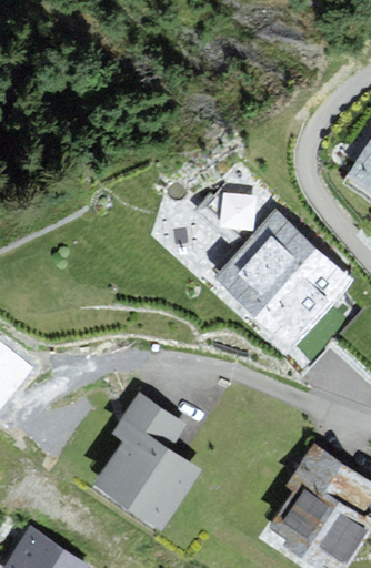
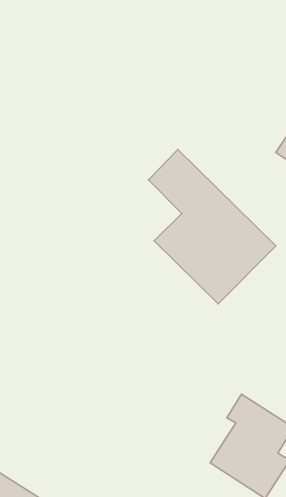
building: [97,399,195,525] -> none

